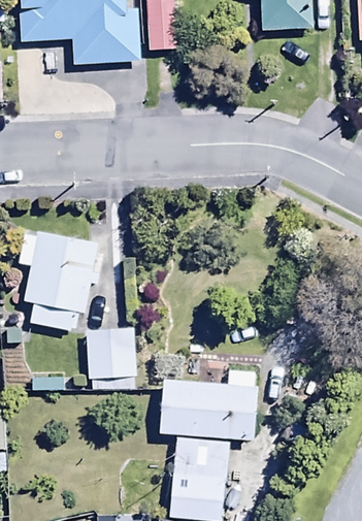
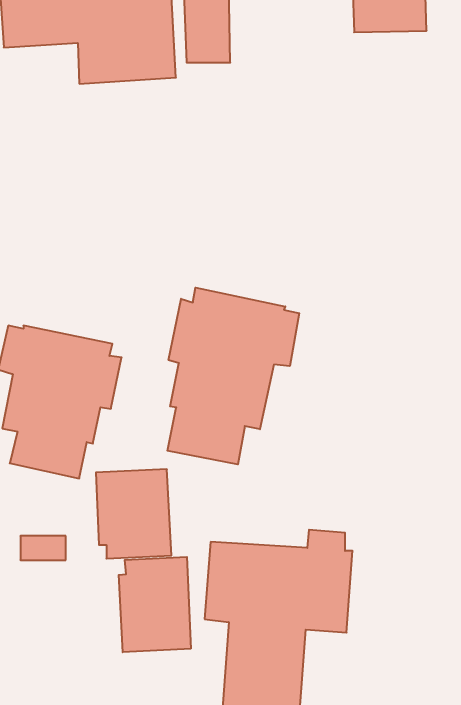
building: none -> [167,288,299,464]
building: none -> [119,557,191,652]

